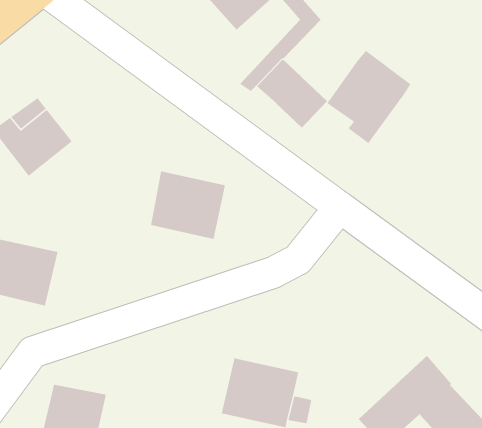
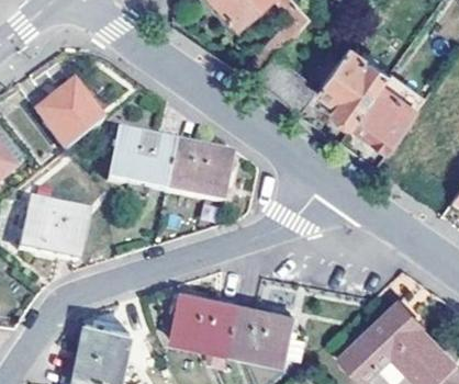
building: none -> [350,84,416,151]
building: none -> [108,134,176,193]
building: none -> [171,291,237,351]

